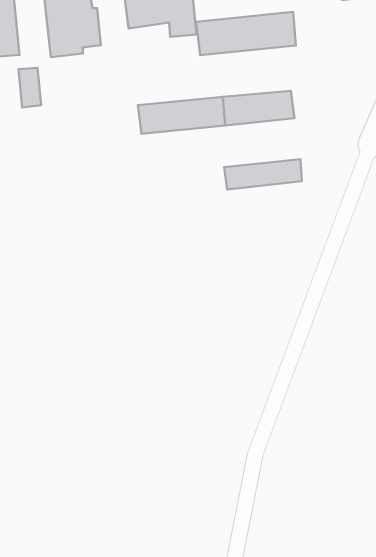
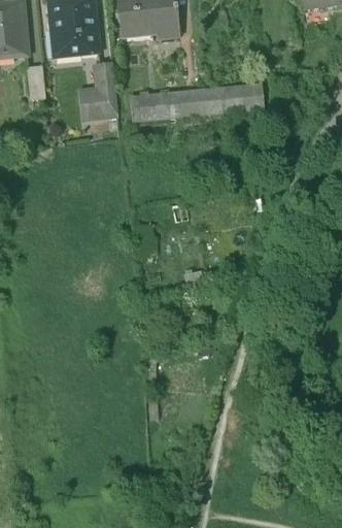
building: [196,12,296,55] -> none
building: none -> [80,63,116,117]
building: [224,159,302,190] -> none

